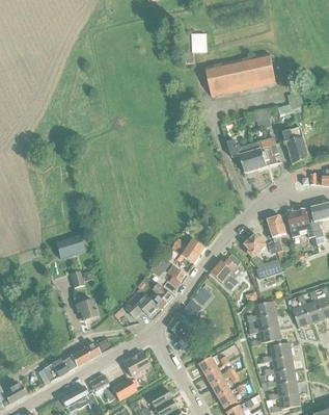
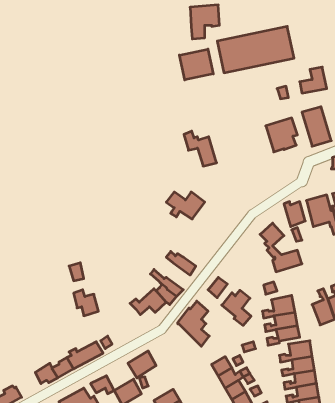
building: none -> [179,49,213,80]
building: [226,139,256,172] -> [184,131,217,166]
building: [54,235,83,259] -> none
building: [170,238,205,263] -> [166,192,205,219]
building: [211,258,238,290] -> [222,290,251,325]

